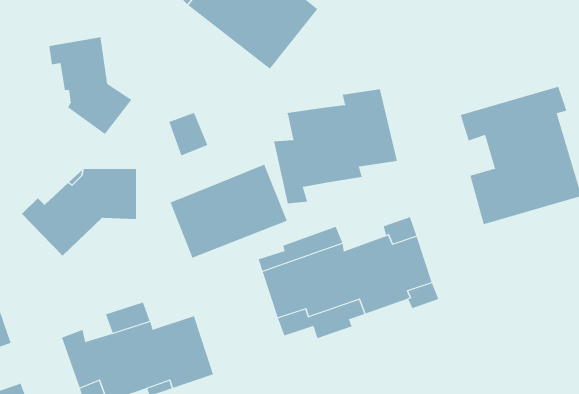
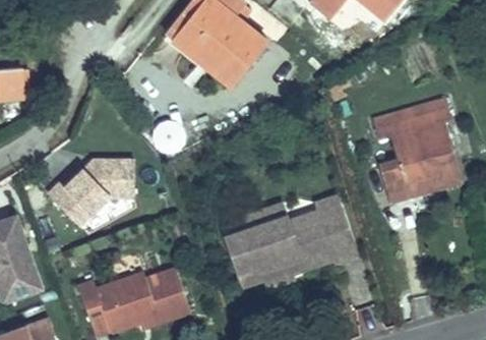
building: [49,36,132,135] -> none
building: [273,89,397,204] -> none
building: [170,164,288,258] -> none

